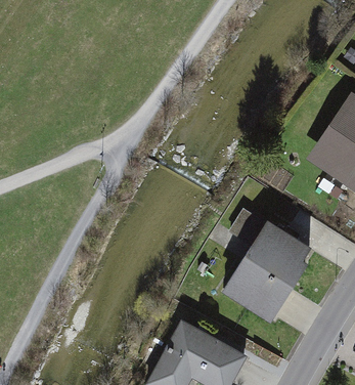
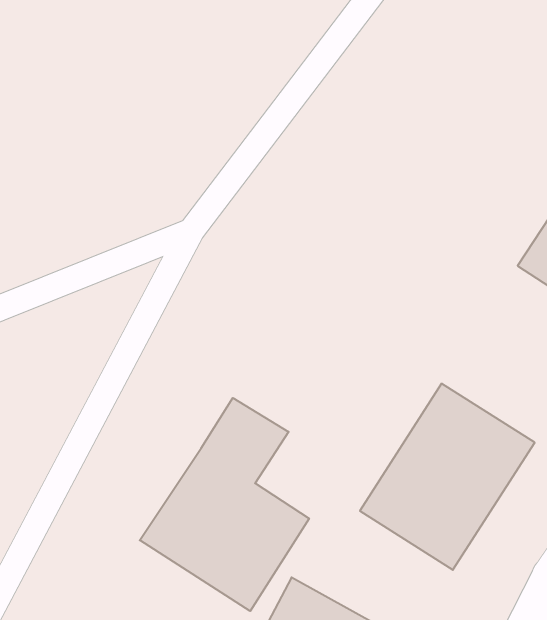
building: none -> [140,398,309,611]

